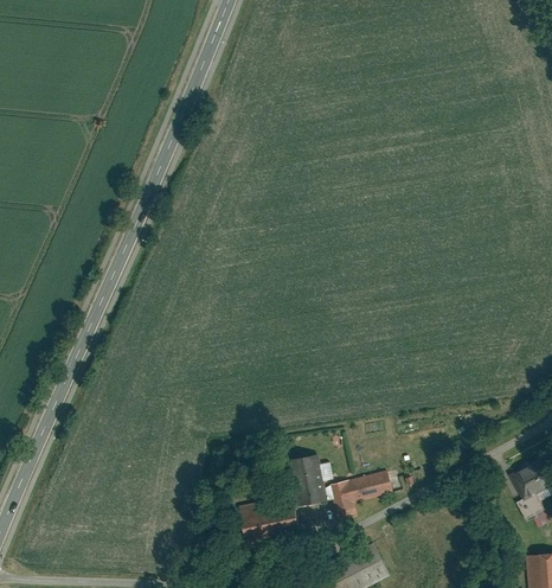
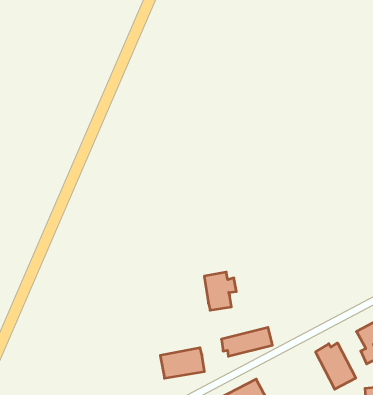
building: [288,454,333,507] -> [204,272,236,310]
building: none -> [316,343,356,389]

